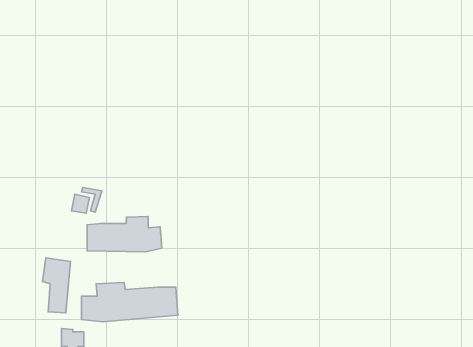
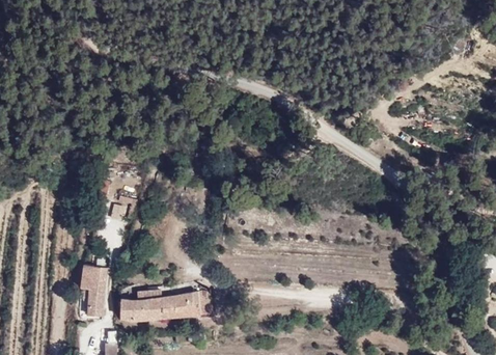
building: [87,216,162,252] -> none

